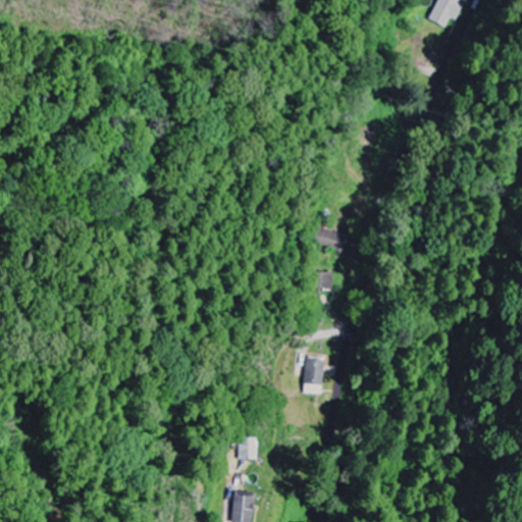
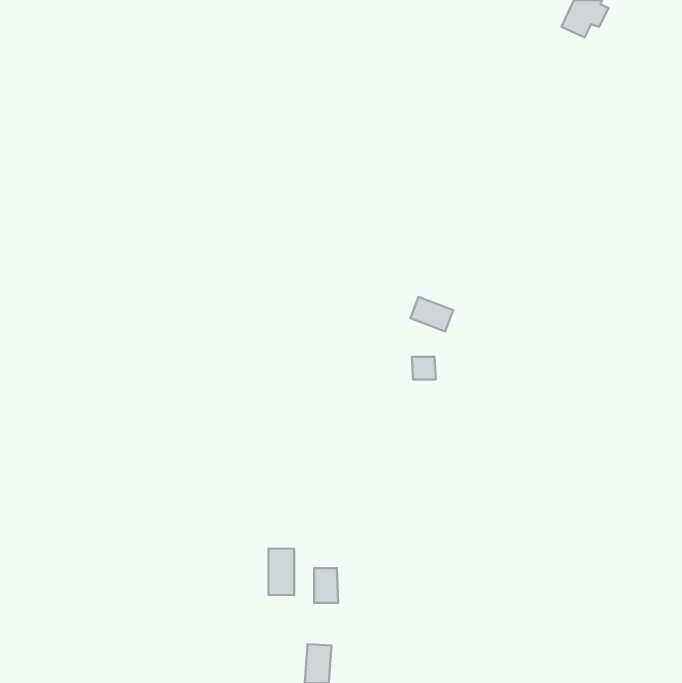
building: [304,356,323,395] -> none
building: none -> [269,549,294,595]

